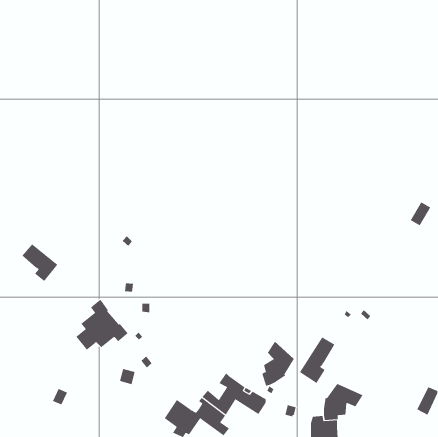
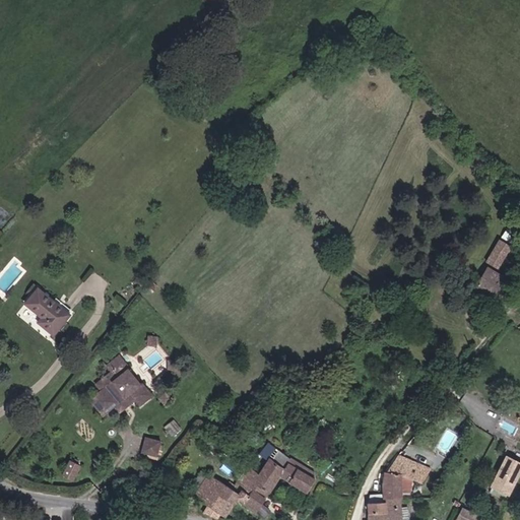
building: none -> [477,269,505,298]
building: [299,337,335,384] -> none
building: [262,341,294,387] -> none

